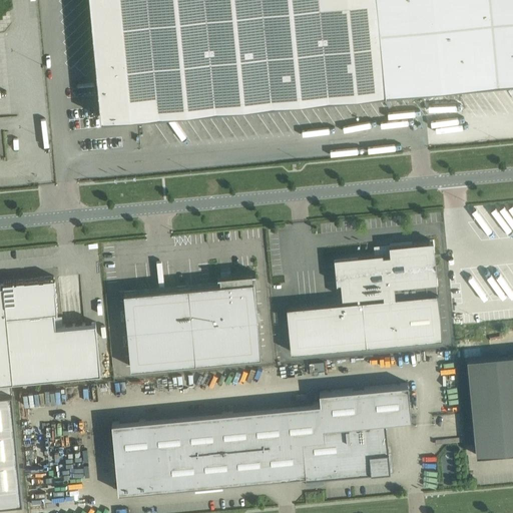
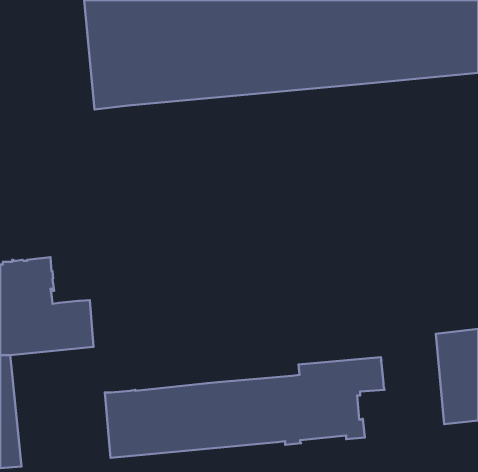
building: [287,246,442,358] -> none
building: [124,278,261,373] -> none

